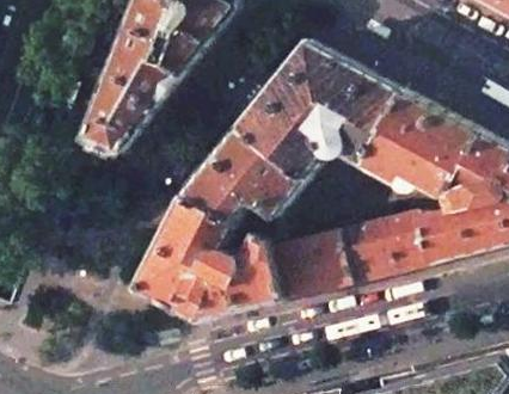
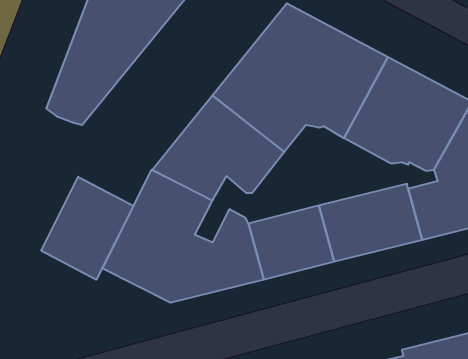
building: none -> [41,177,133,280]

